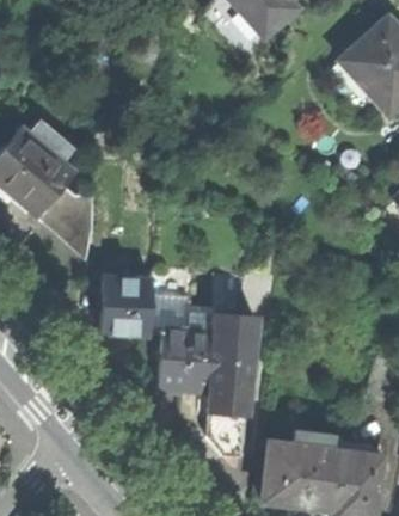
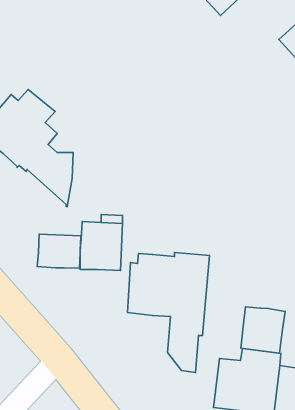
building: none -> [37,234,81,268]
building: none -> [241,307,285,353]

